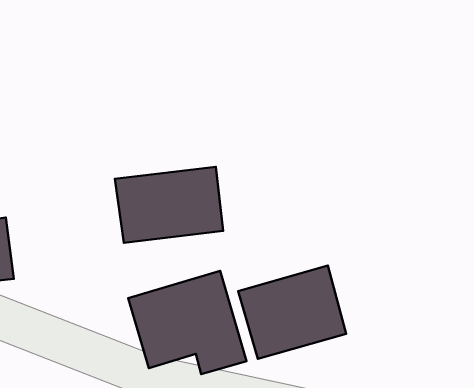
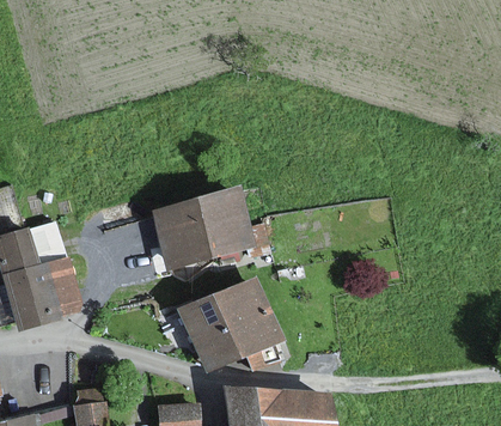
building: [238,265,346,359] -> none

